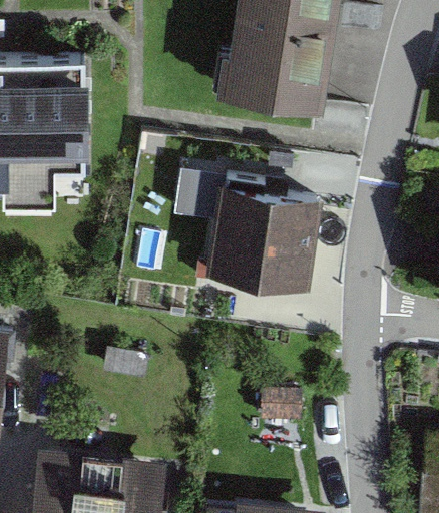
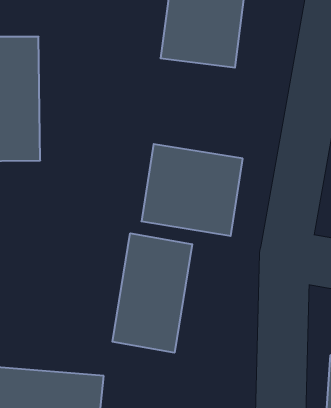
building: none -> [112,233,192,353]

